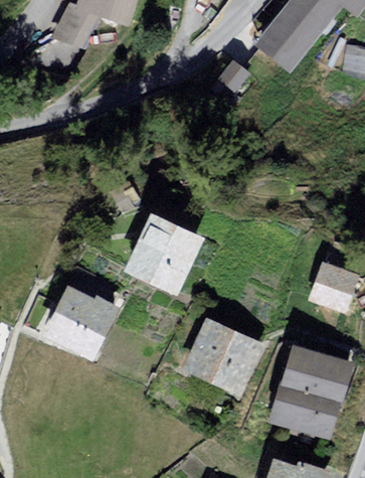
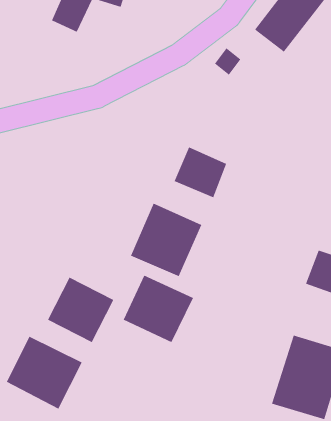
building: none -> [174,147,227,198]
building: [189,323,260,391] -> [123,275,194,343]
building: none -> [6,336,83,409]

